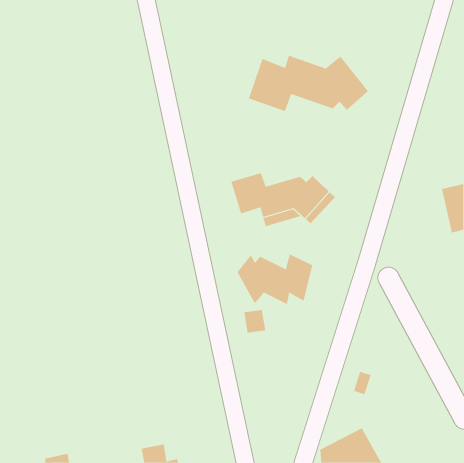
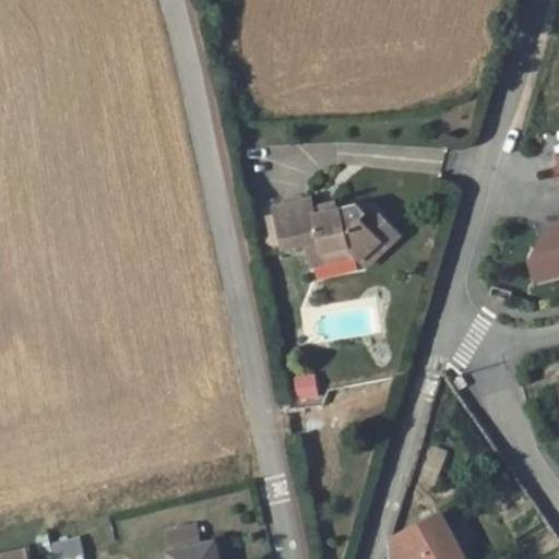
building: [248,55,369,112] -> none
building: [237,253,313,305] -> none

